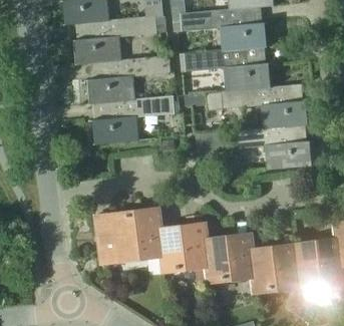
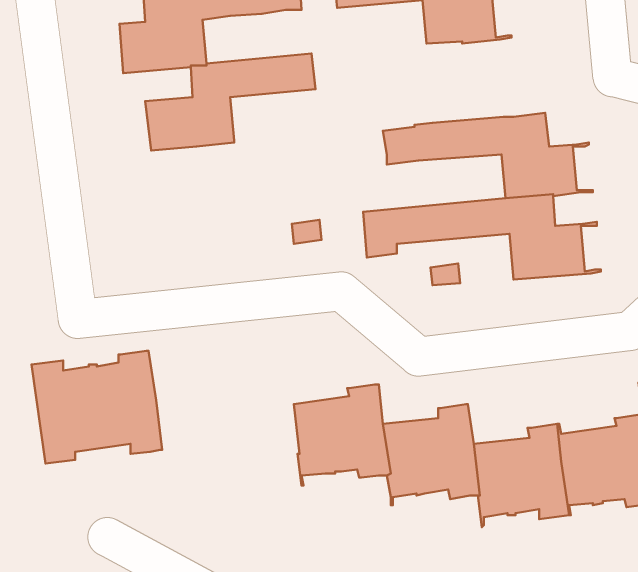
building: [186,47,274,89] -> none
building: [90,94,176,143] -> none
building: [98,207,164,264] -> [31,351,162,464]

